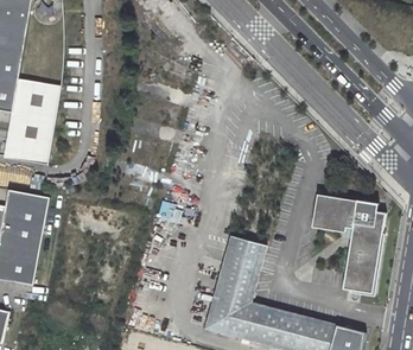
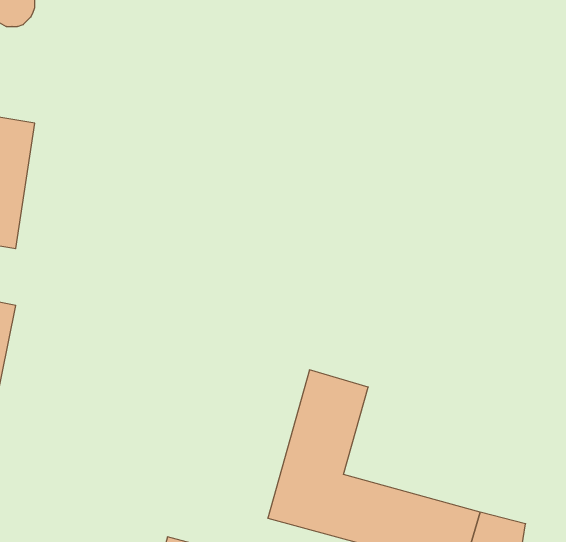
building: [310,193,385,293] -> none

